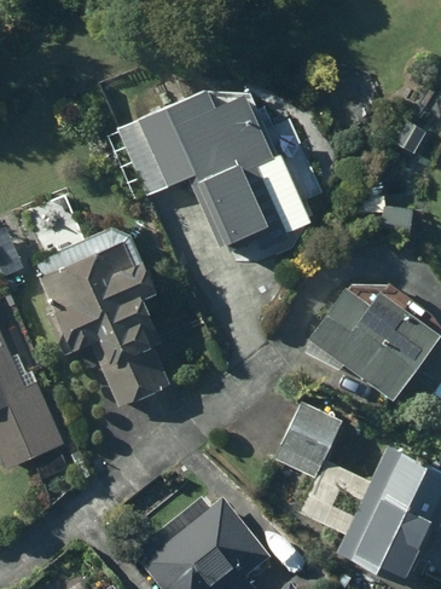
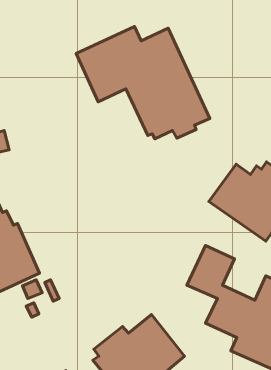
building: [33,226,172,406] -> none

